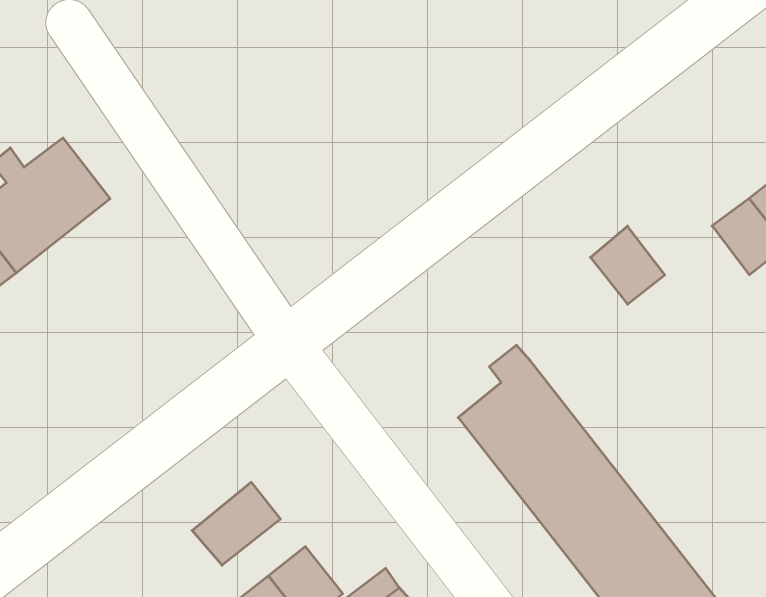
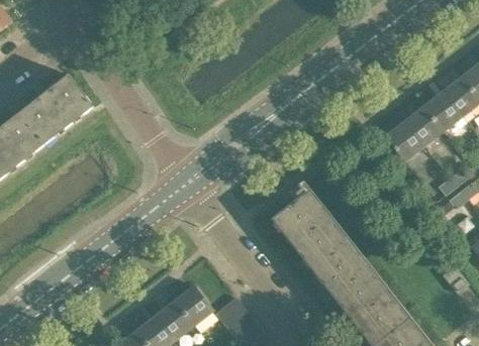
building: [590,226,665,304] -> [385,120,423,160]
building: [192,482,280,565] -> none

